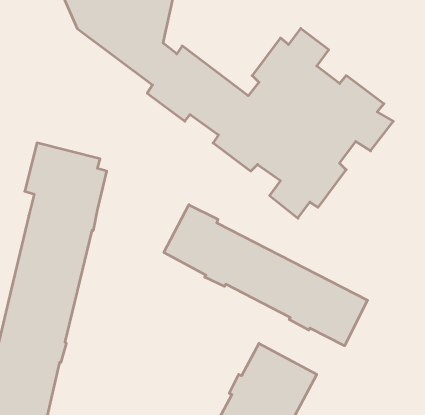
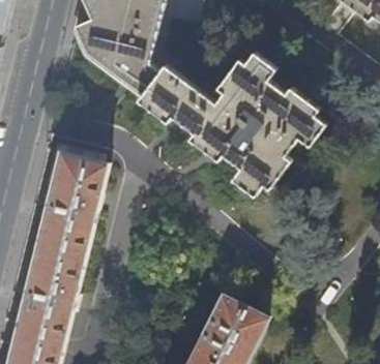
building: [164,205,368,346] -> none

